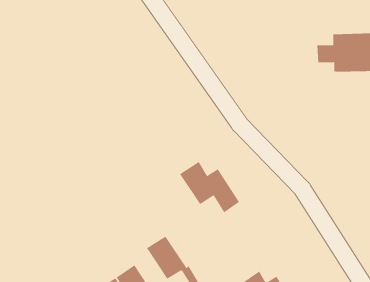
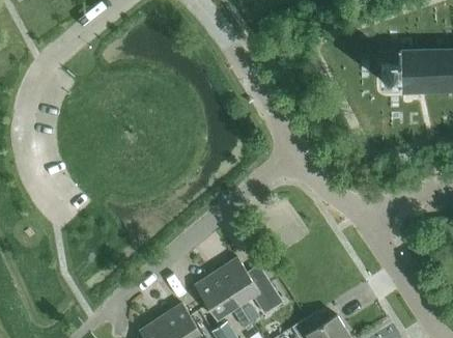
building: [179,161,240,213] -> [216,257,282,314]

